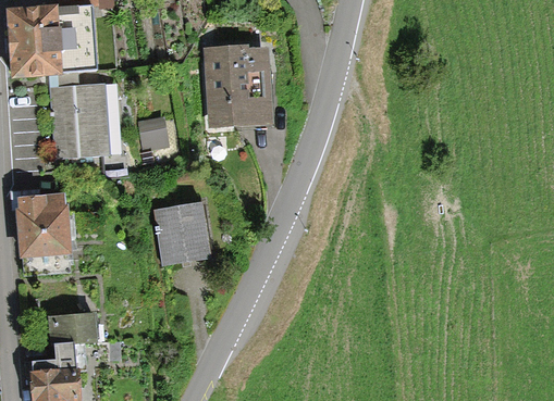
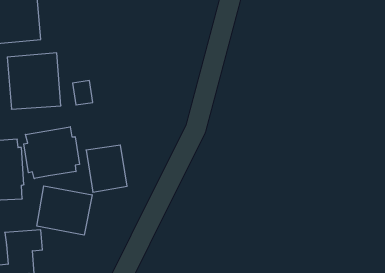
building: [205,51,266,126] -> none
building: none -> [24,127,79,179]
building: none -> [37,186,92,235]

